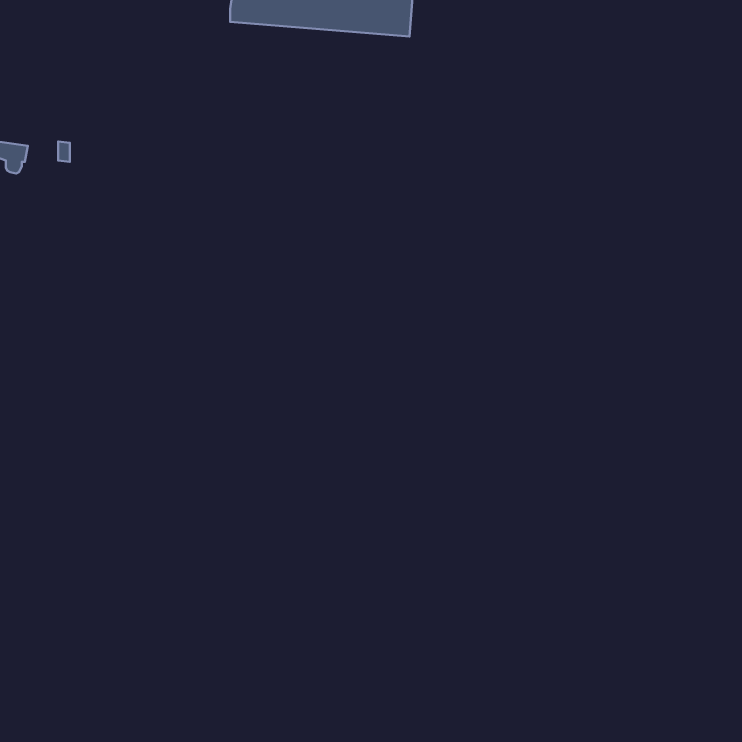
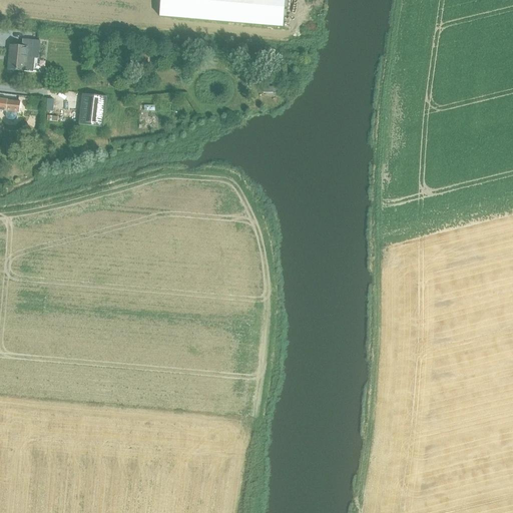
building: none -> [6,37,38,70]
building: none -> [77,92,106,127]

